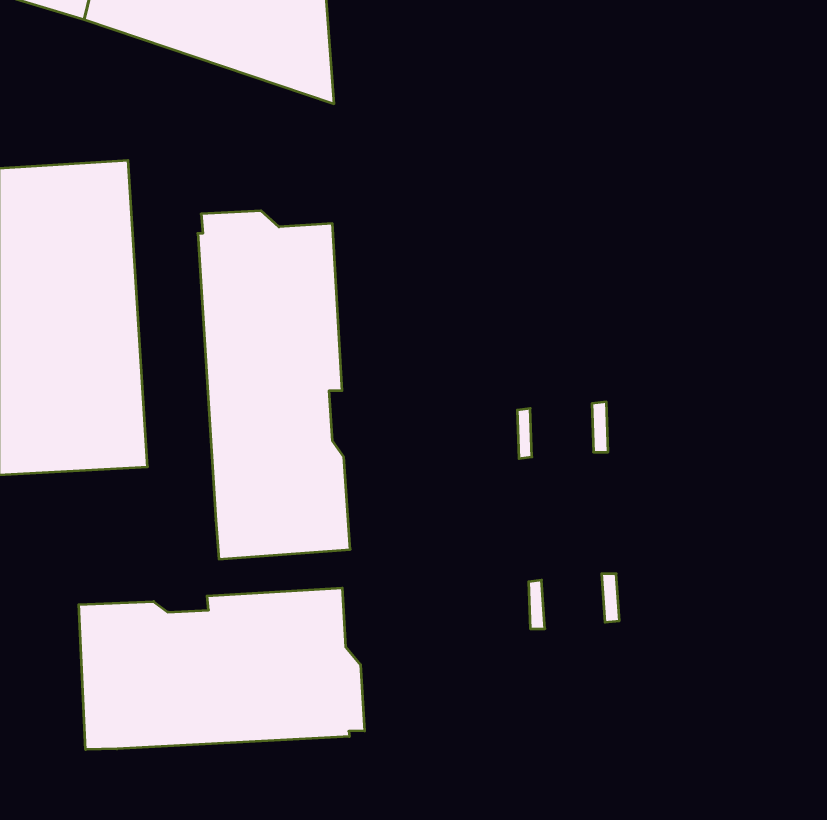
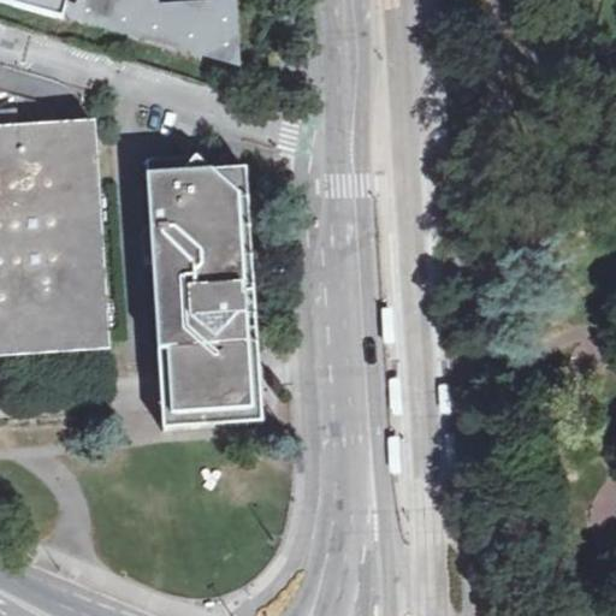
building: [79,588,365,750] -> none

